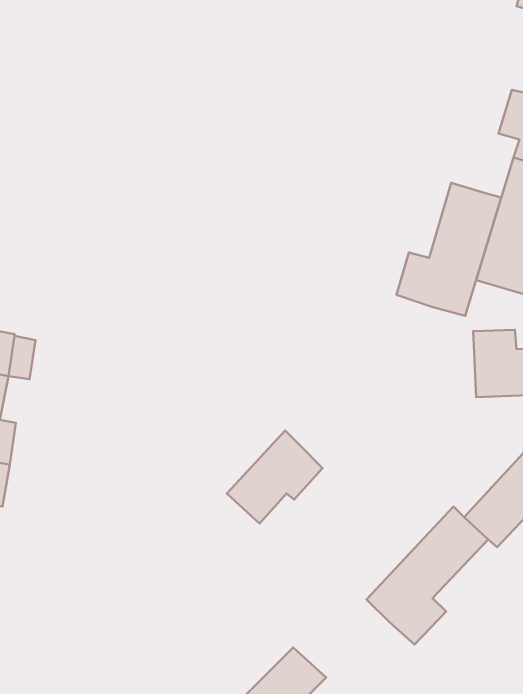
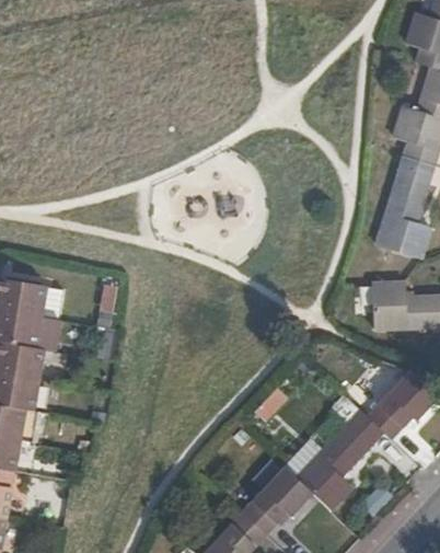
building: [396,183,501,316] -> none
building: [227,431,323,524] -> [243,466,313,534]

